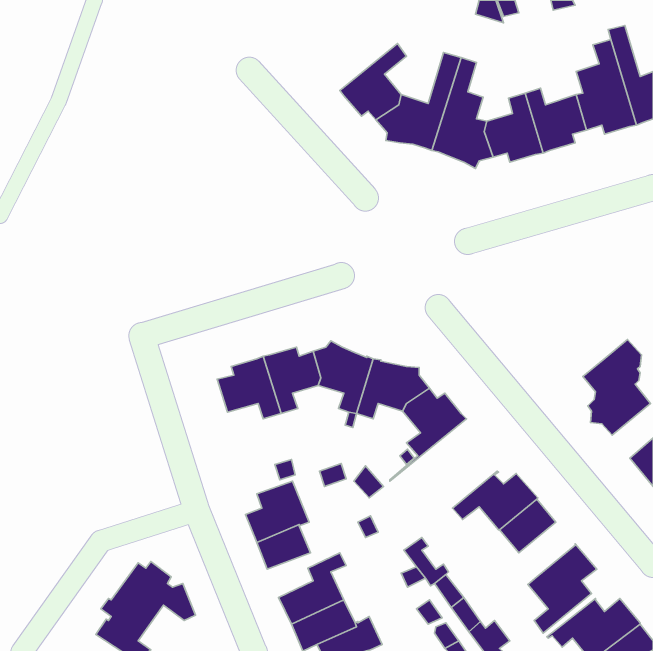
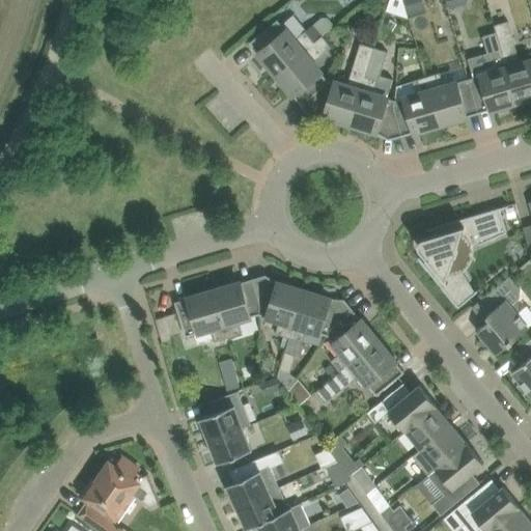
building: none -> [255,19,329,75]
building: none -> [418,206,508,308]
building: none -> [316,341,398,401]
building: none -> [413,425,467,476]

